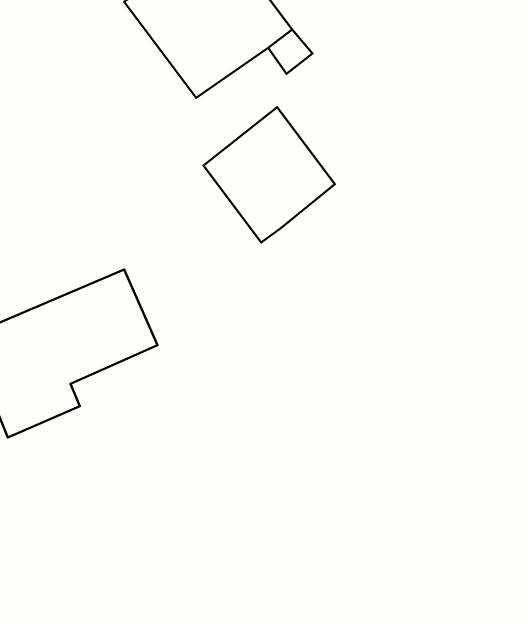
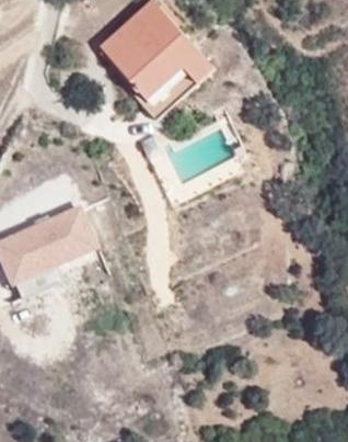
building: [204,107,335,242] -> none

